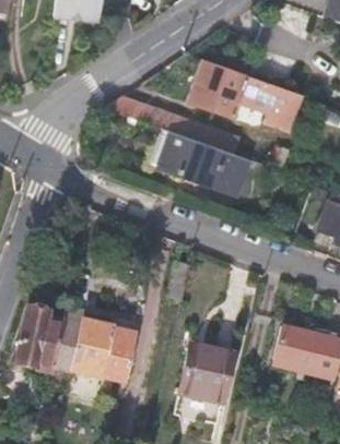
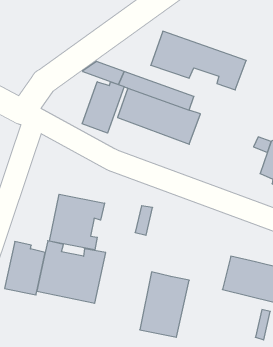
building: none -> [82,82,124,133]
building: none -> [49,194,105,250]

